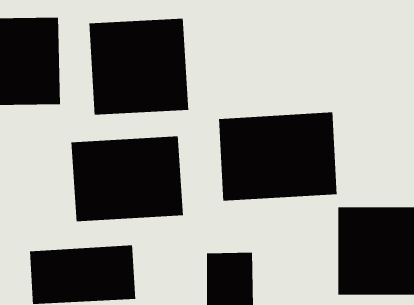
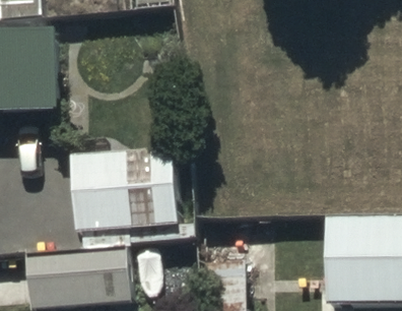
building: [88,18,189,116] -> none
building: [218,112,338,201] -> none

